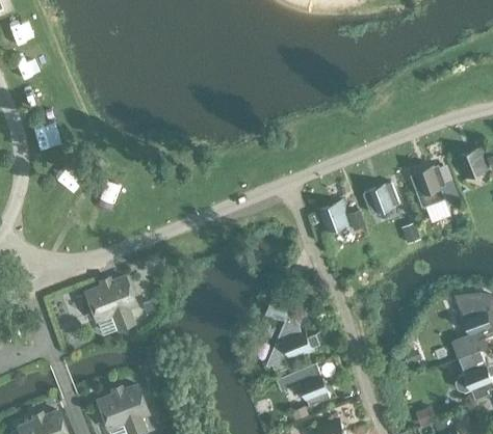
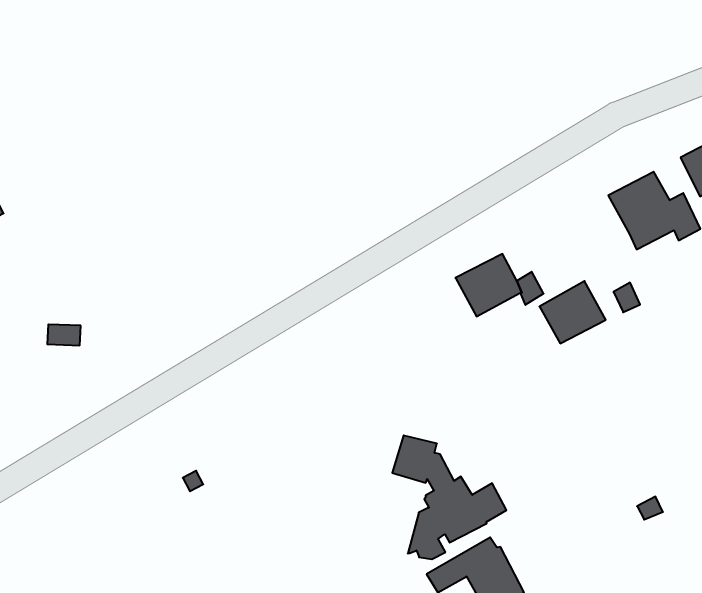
building: [366,180,404,214] -> [539,281,606,343]
building: [85,276,135,329] -> none

